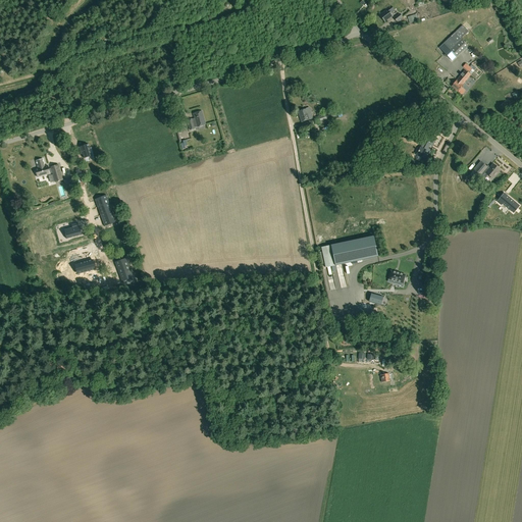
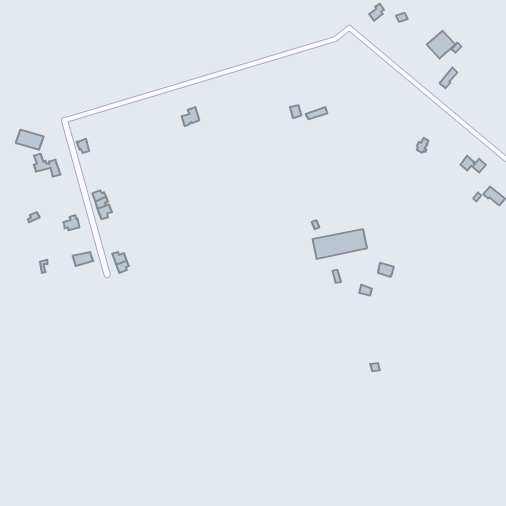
building: none -> [16,130,44,150]

